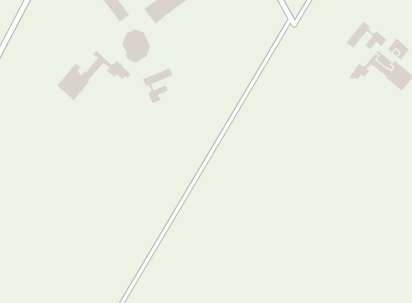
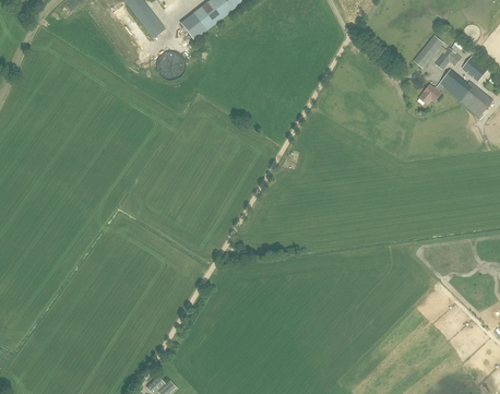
building: [57,49,131,101] -> none
building: [142,67,174,104] -> none

